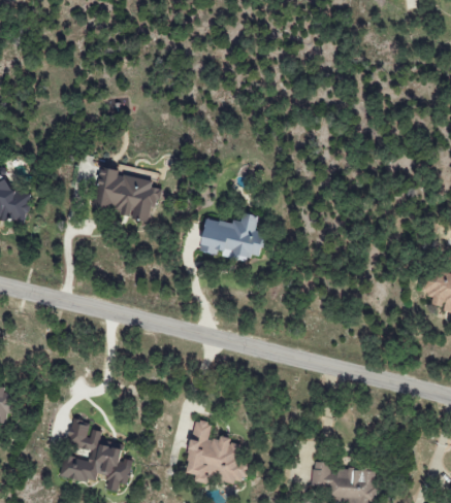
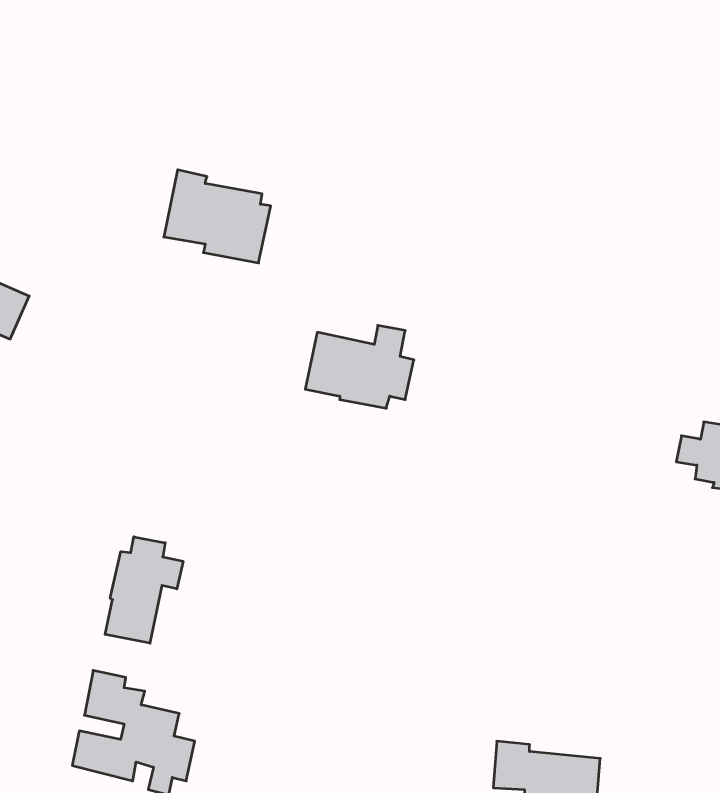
building: [94,166,158,222] -> [164,170,271,263]
building: none -> [105,537,183,643]
building: [186,421,250,484] -> none

